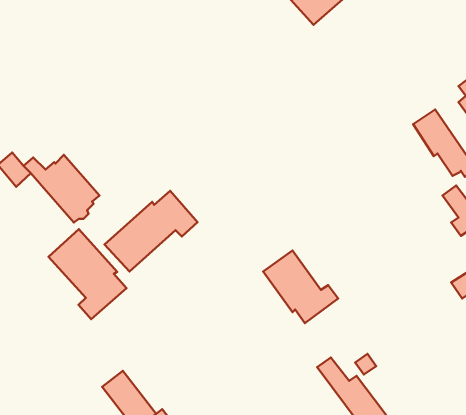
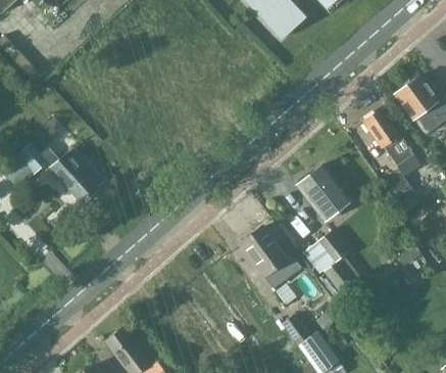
building: none -> [297,166,349,220]
building: [104,191,198,271] -> none
building: [49,229,127,319] -> none
building: none -> [316,232,357,292]

